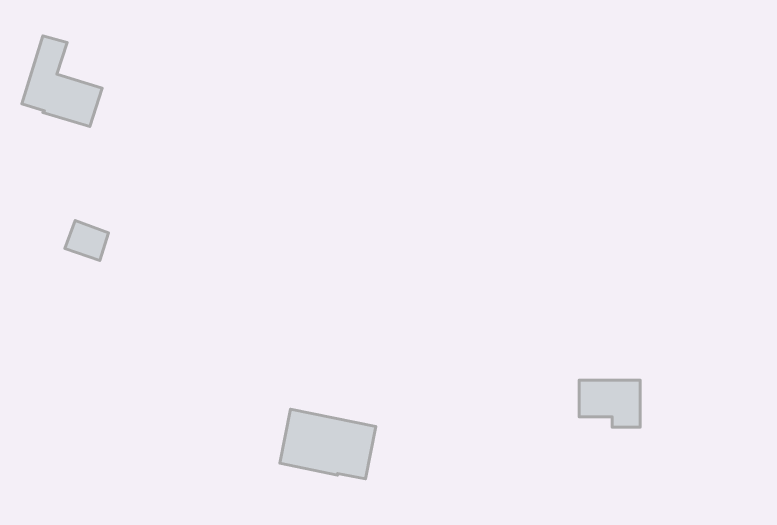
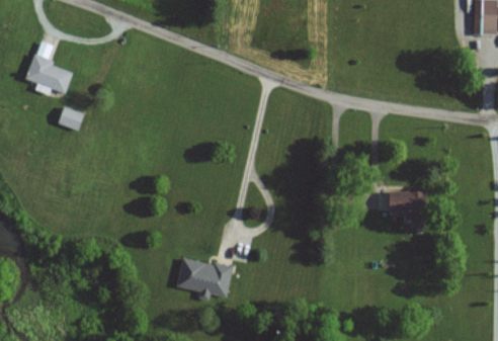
building: [65,221,108,261] -> [58,106,83,130]
building: [579,380,640,427] -> [389,190,424,218]

